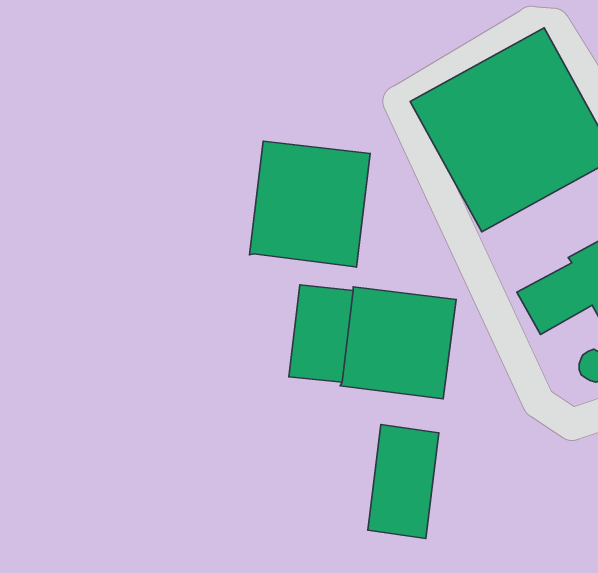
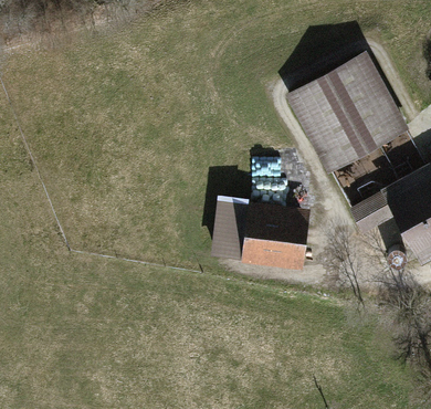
building: [249,141,370,267] -> none
building: [368,425,439,539] -> none

